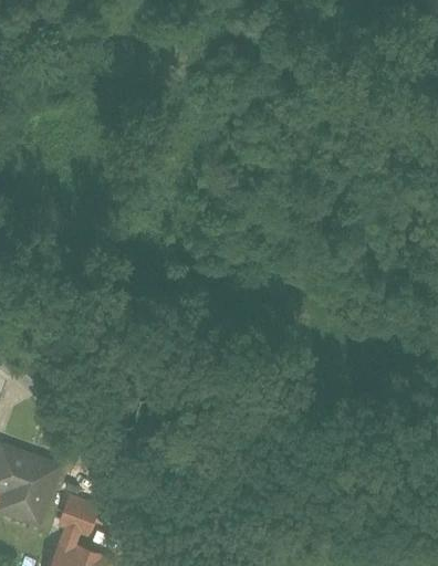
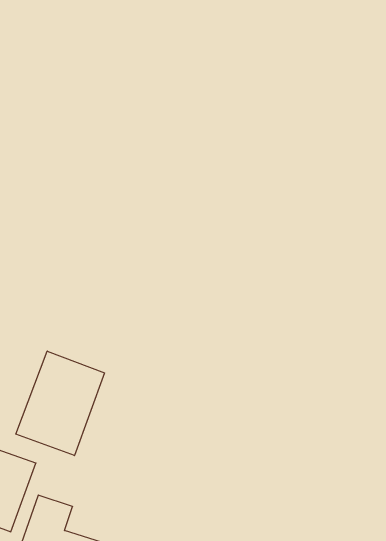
building: none -> [16,351,104,456]

